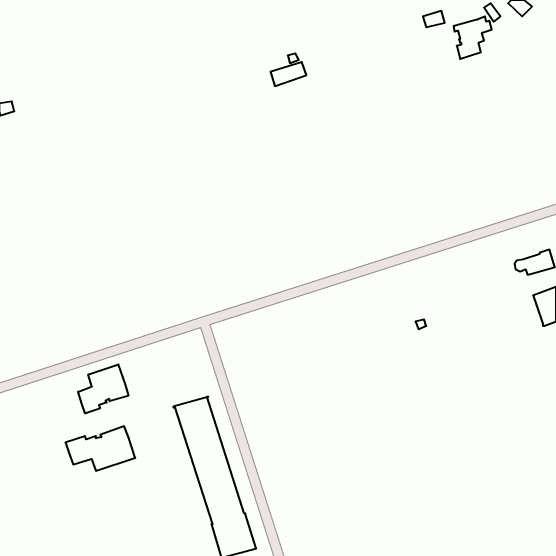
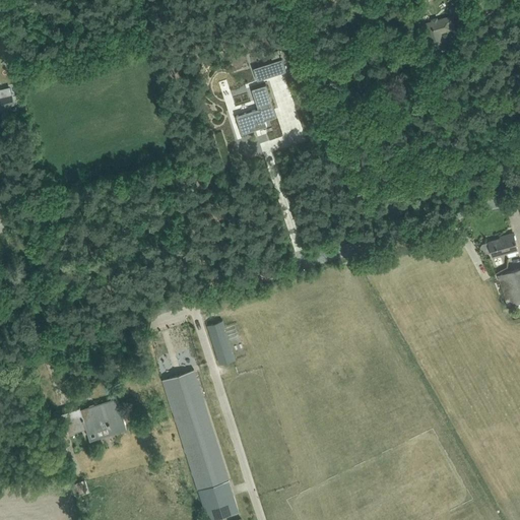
building: none -> [236,84,275,134]
building: none -> [207,321,235,365]
building: [78,364,128,413] -> none

